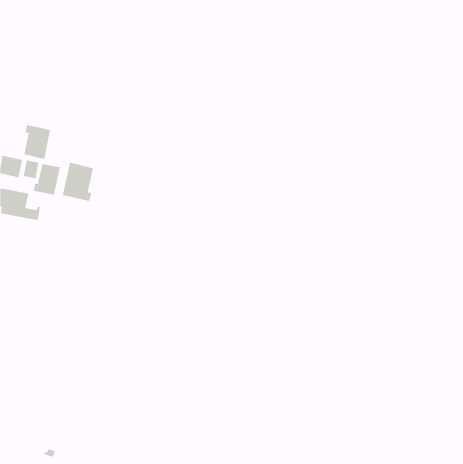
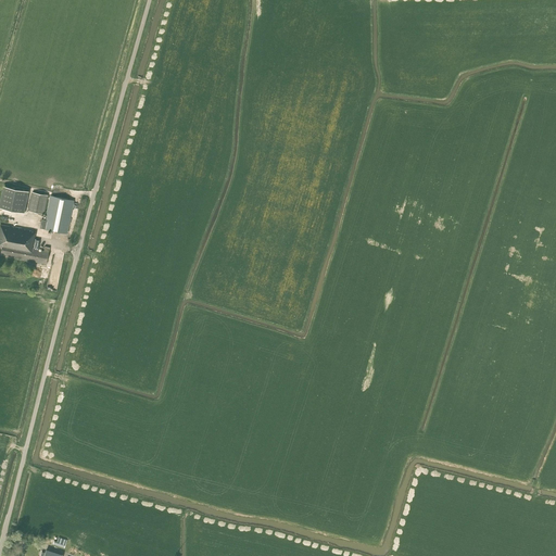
building: [24,124,50,160] -> none
building: [62,162,94,202] -> none

